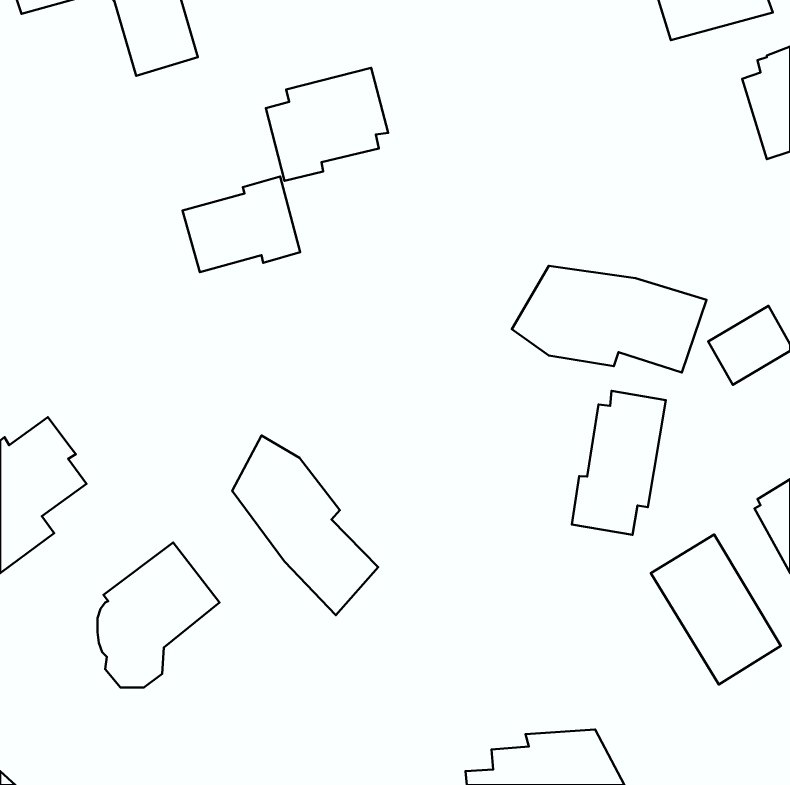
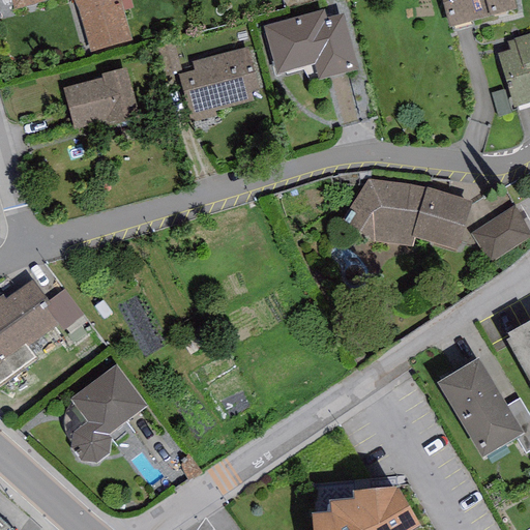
building: none -> [263,8,359,79]
building: [183,176,300,272] -> [61,65,140,129]
building: [572,391,666,535] -> none
building: none -> [46,288,84,330]
building: [232,435,378,615] -> none

